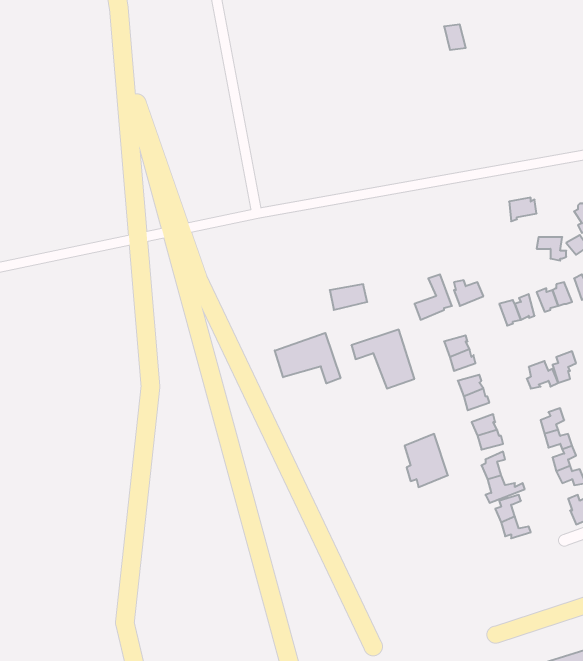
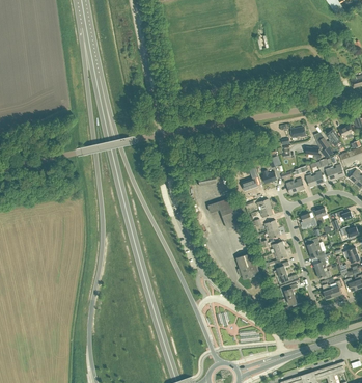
building: [275,333,340,383] -> none

